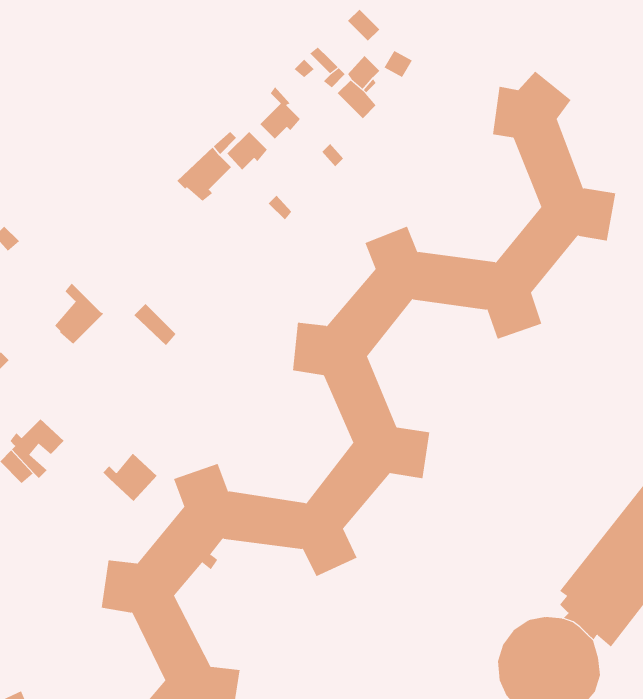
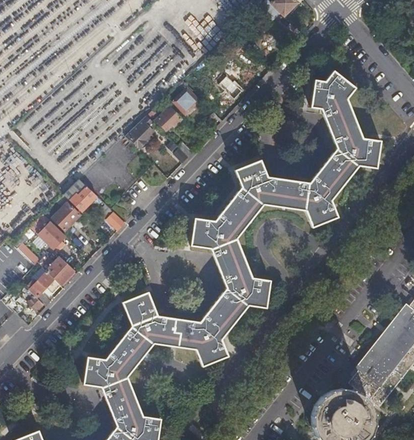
building: none -> [65,180,97,211]
building: none -> [40,222,67,248]
building: [102,453,158,502] -> [43,258,75,286]

